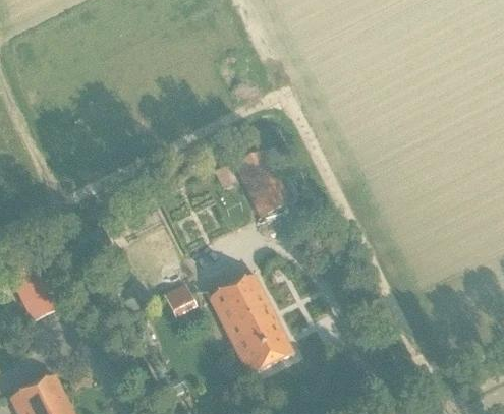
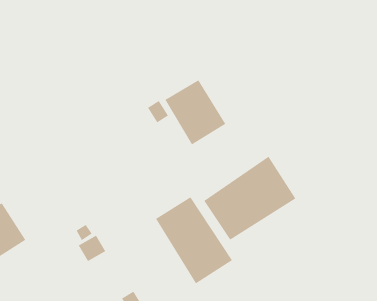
building: none -> [203,156,296,241]
building: [166,288,198,317] -> [78,235,106,262]

